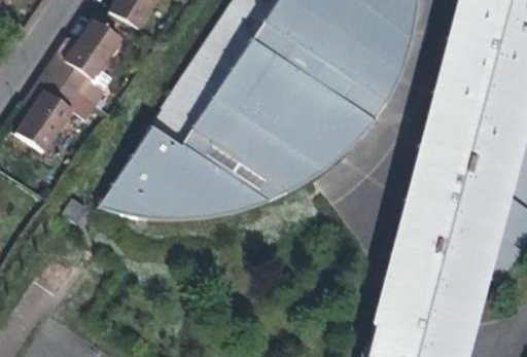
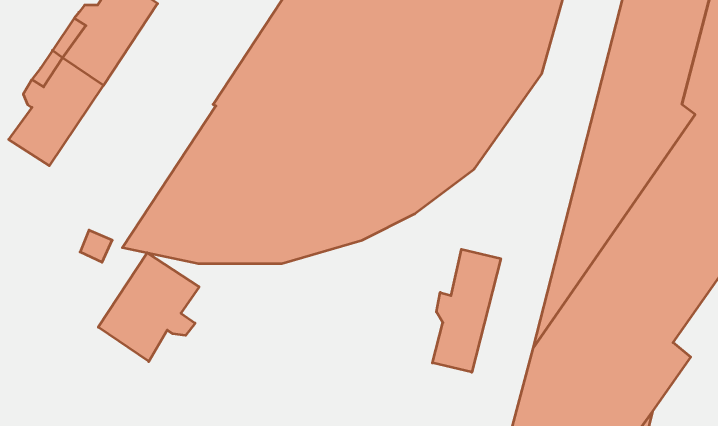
building: none -> [432,249,501,372]
building: none -> [98,253,199,362]

